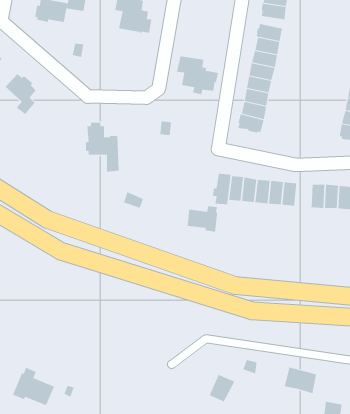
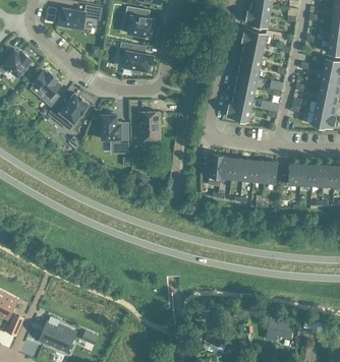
building: [176,56,219,95] -> [119,42,155,74]
building: none -> [49,93,90,124]
building: none -> [138,112,160,139]
building: [187,206,218,232] -> none

